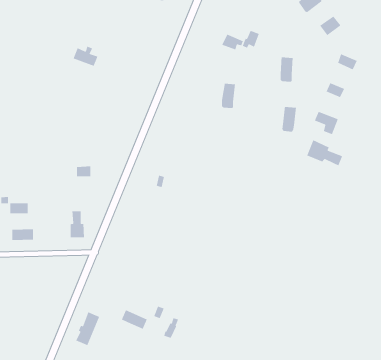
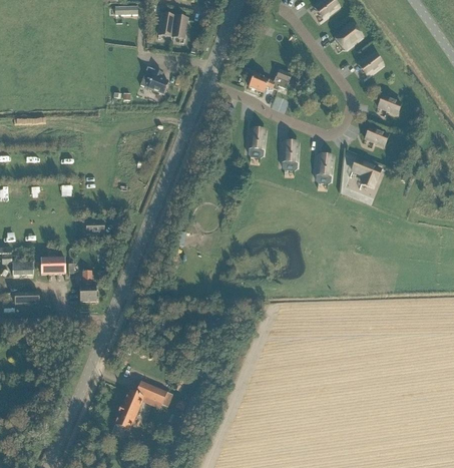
building: [73,45,99,67] -> [139,70,168,94]
building: [280,57,293,83] -> [283,141,298,170]
building: [306,139,343,167] -> none
building: none -> [40,257,65,275]
building: [75,311,100,346] -> [115,390,143,429]

